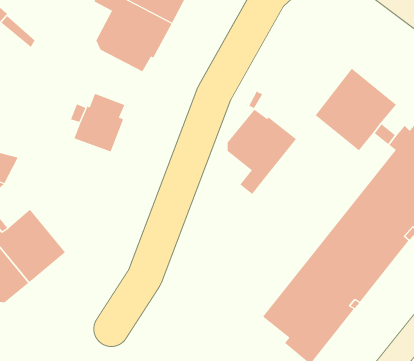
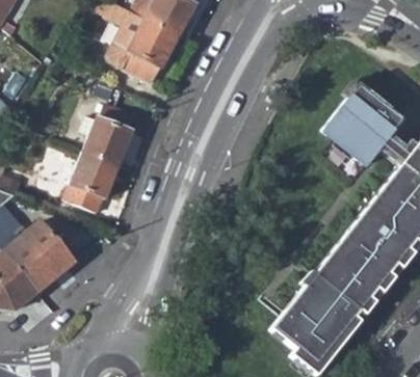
building: [227,109,297,195] -> none
building: none -> [62,152,120,214]

